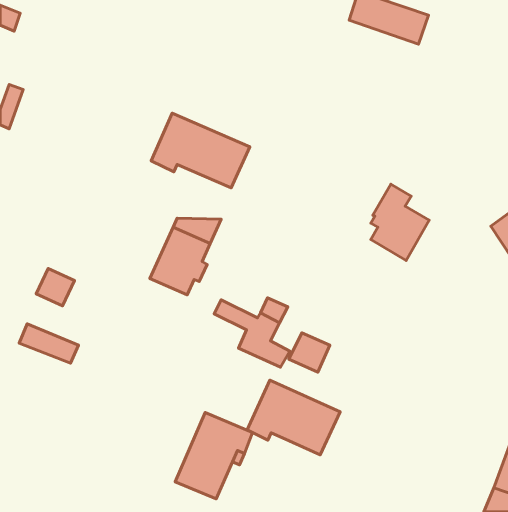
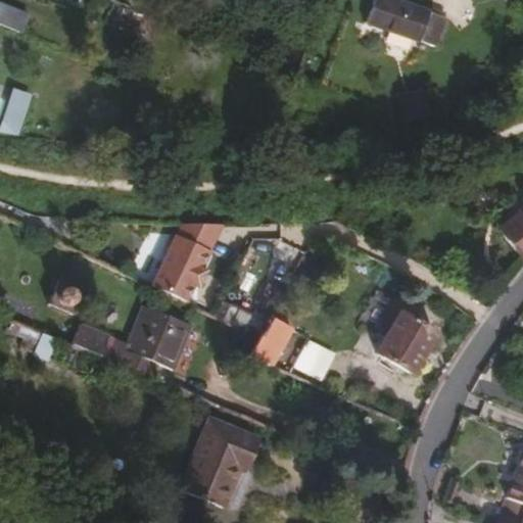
building: [151,113,250,188] -> none
building: [371,184,429,260] -> [377,296,436,374]
building: none -> [100,305,183,370]
building: [247,380,340,455] -> none

